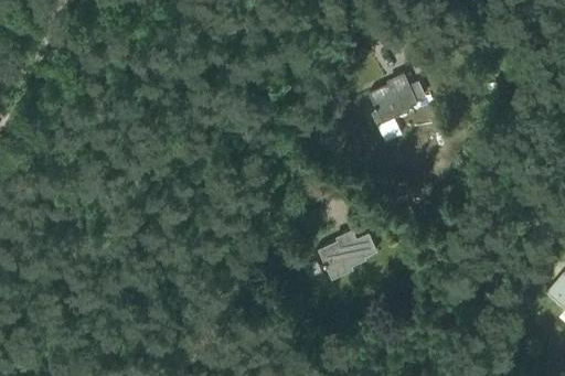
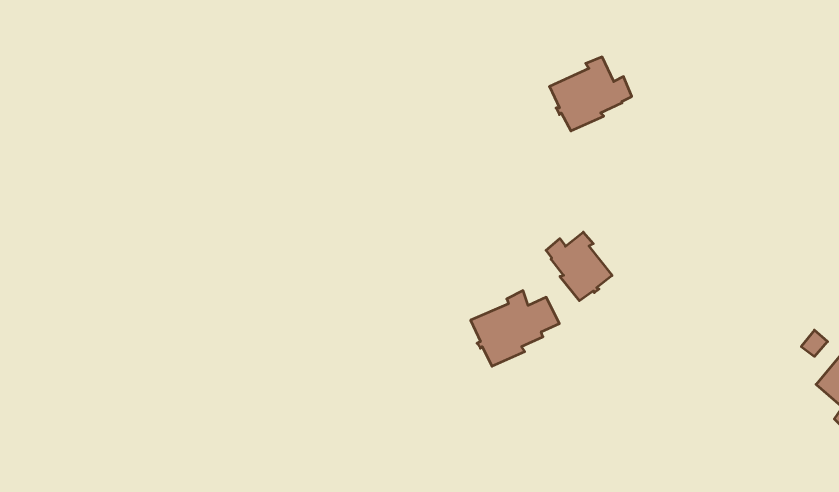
building: none -> [546,232,612,301]

